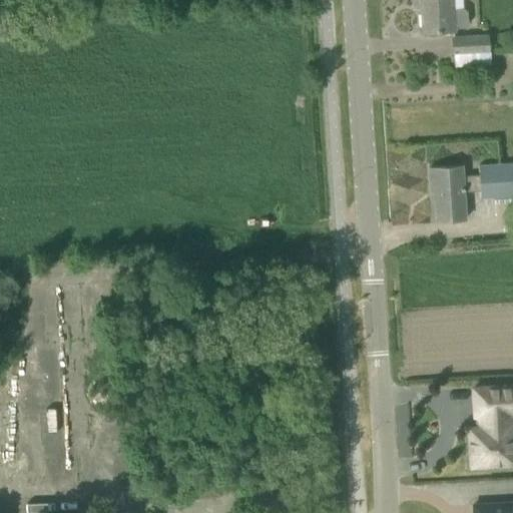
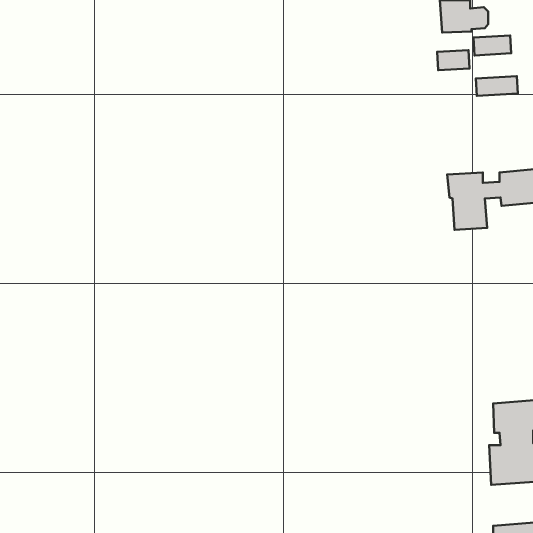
building: none -> [437,50,470,70]
building: none -> [476,76,518,96]

